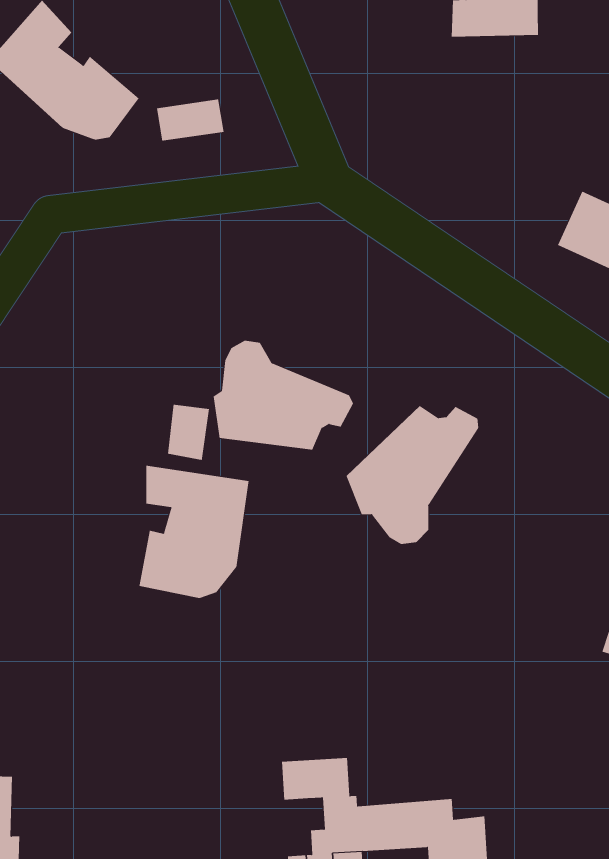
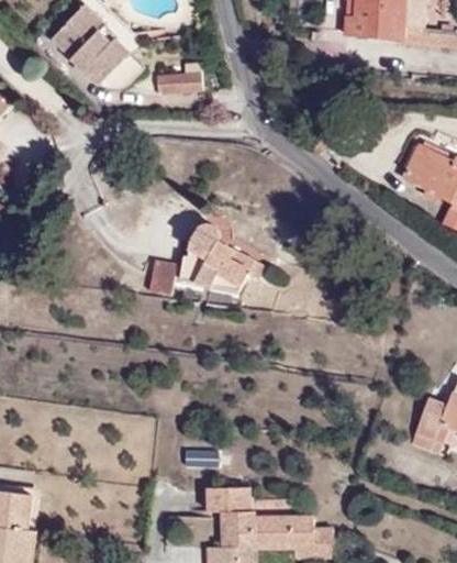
building: [346,405,479,545] -> none
building: [139,465,249,599] -> none

